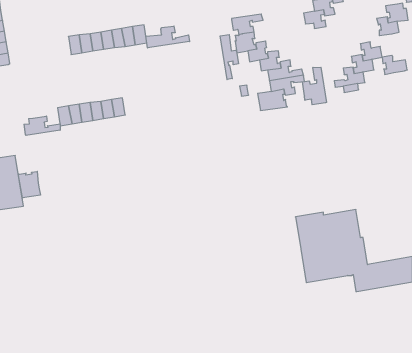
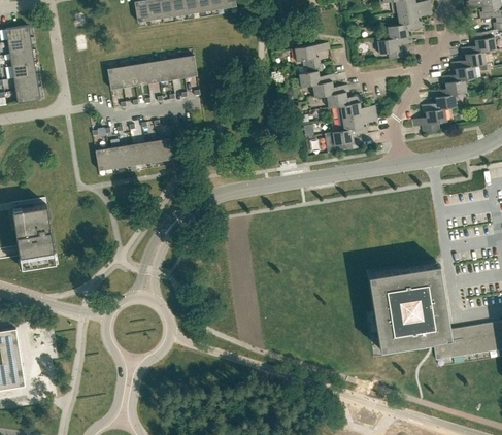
building: [146,26,190,48] -> none
building: [220,35,238,80] -> none
building: [382,55,407,74] -> [450,60,479,81]
building: [302,67,326,105] -> none
building: [24,116,60,135] -> none
building: [18,171,40,198] -> none

